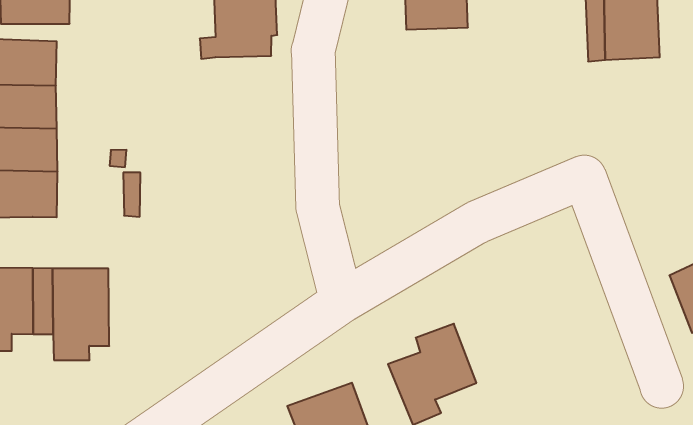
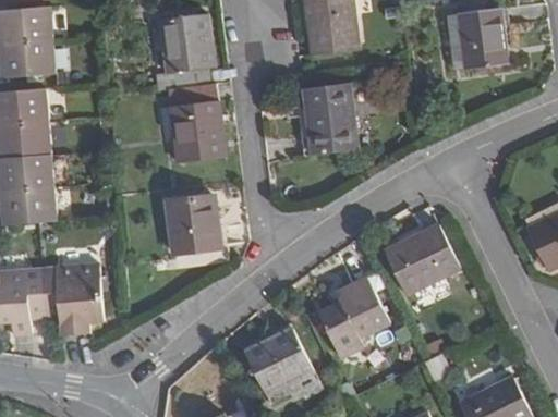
building: none -> [168,84,225,163]
building: none -> [305,84,367,156]
building: none -> [166,196,221,255]
building: none -> [386,225,459,293]

